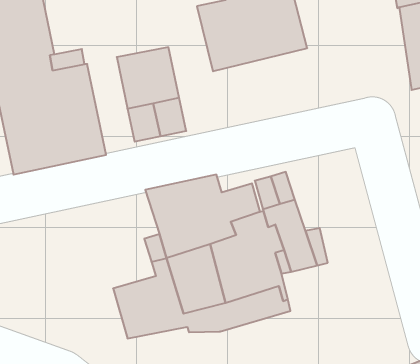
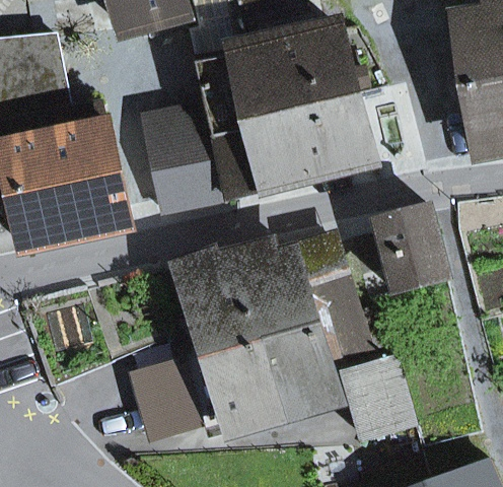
building: none -> [200,55,374,198]
building: none -> [376,206,448,292]
building: none -> [345,359,413,438]

